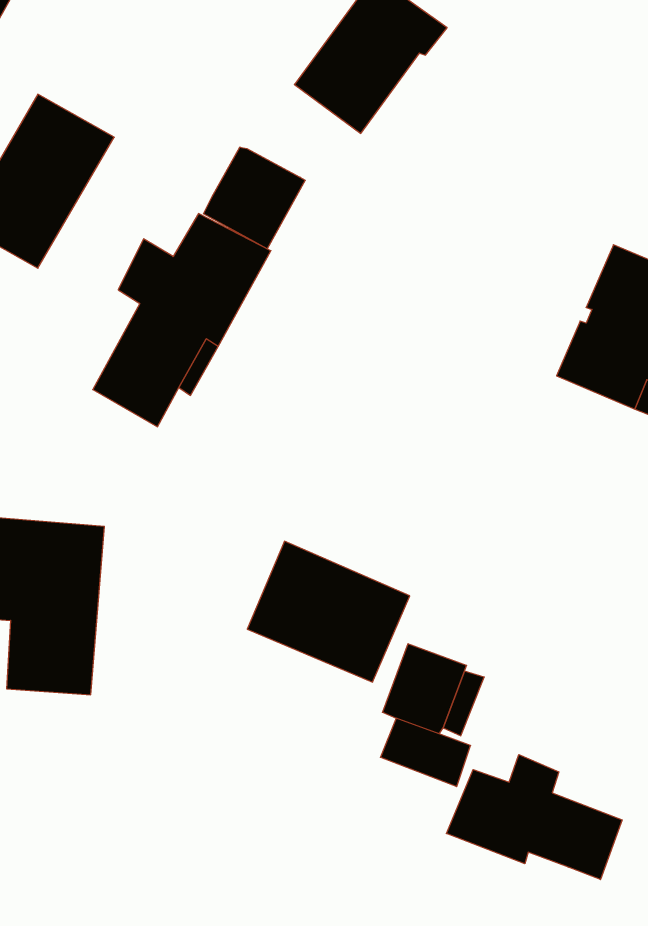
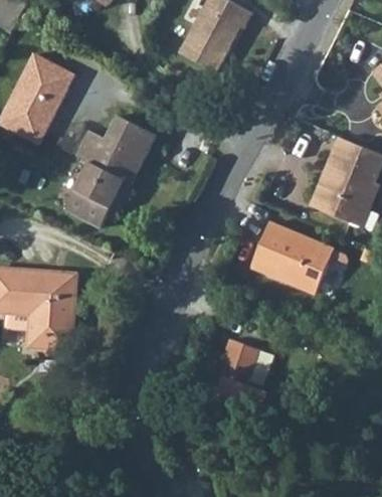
building: [204,147,305,249] -> none
building: [247,541,410,682] -> [246,217,330,290]
building: [446,755,622,880] -> none

